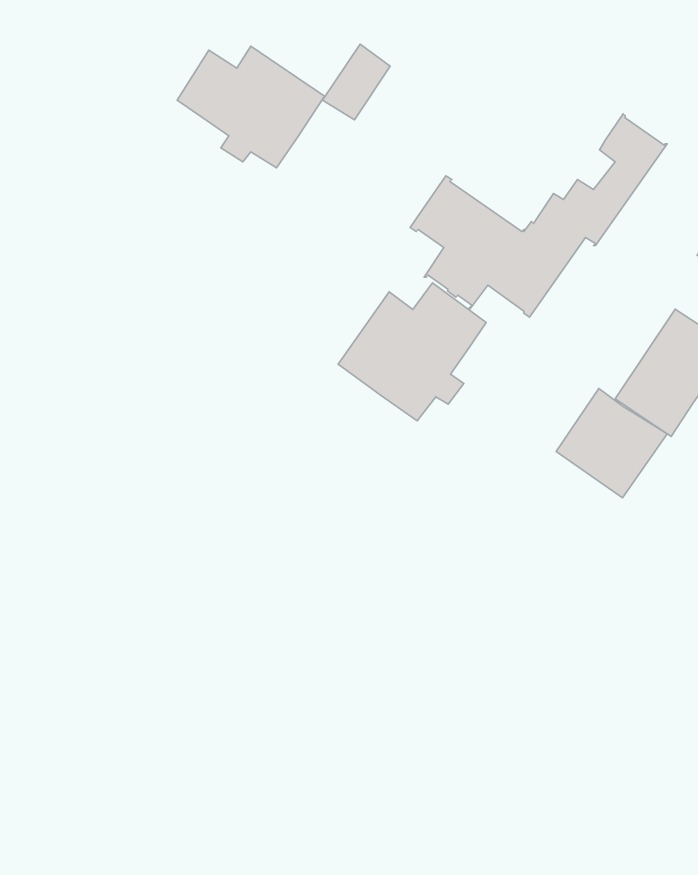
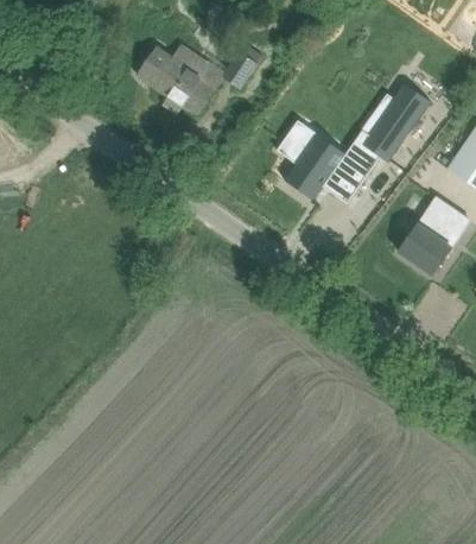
building: [338,283,486,421] -> none
building: [556,389,667,498] -> none

